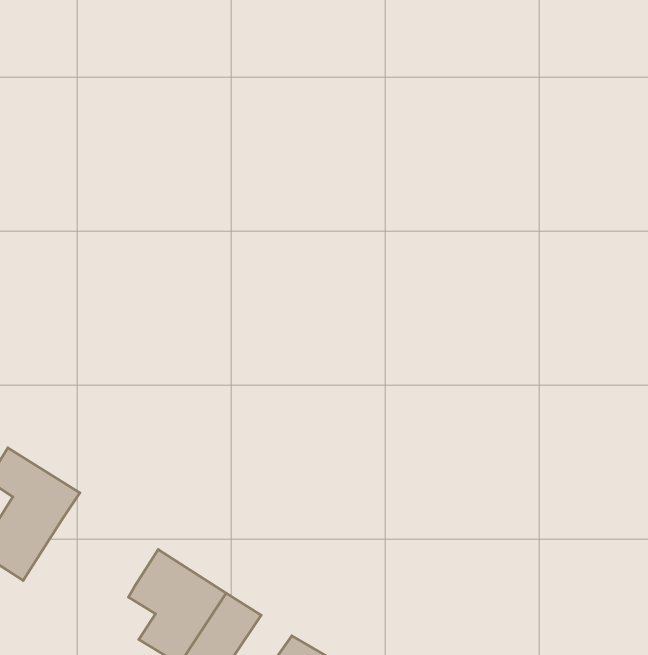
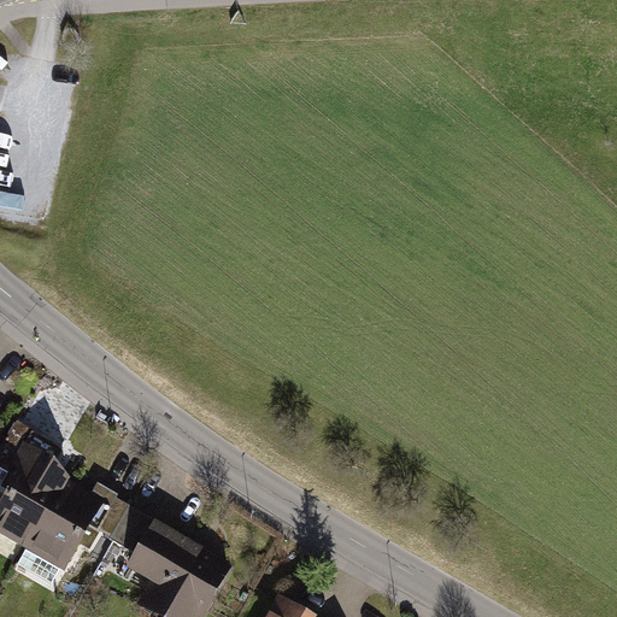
building: none -> [12,489,148,586]

